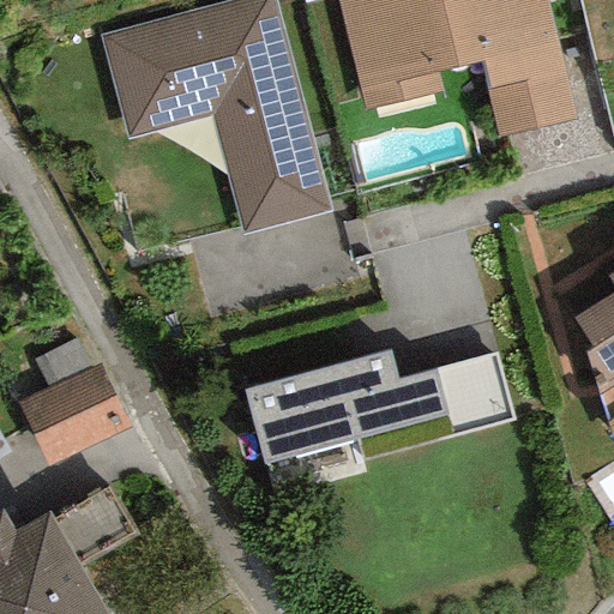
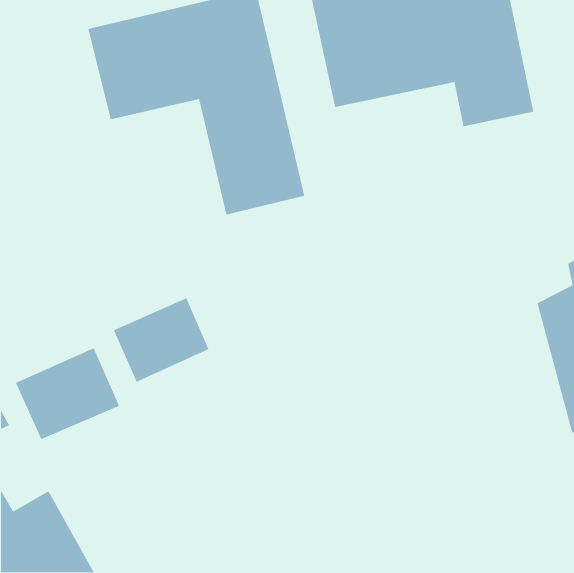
building: none -> [113,297,210,383]
building: [247,342,528,496] -> none

